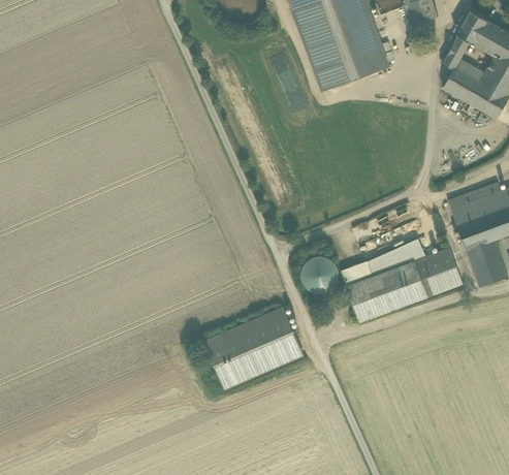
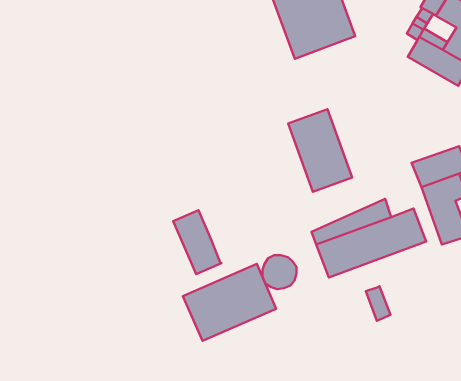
building: none -> [288,109,352,192]
building: none -> [173,210,222,274]
building: [301,256,338,292] -> [262,255,296,289]
building: none -> [366,286,391,321]

